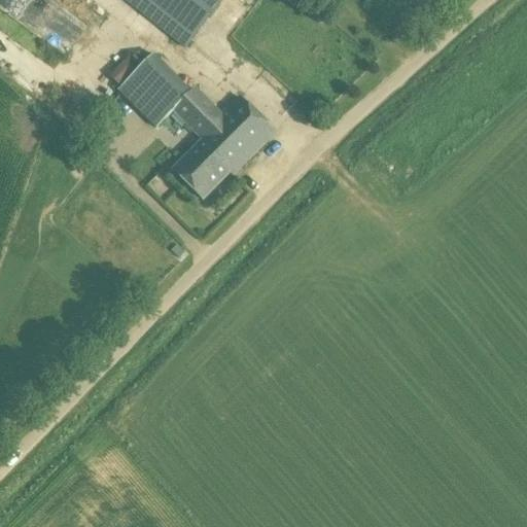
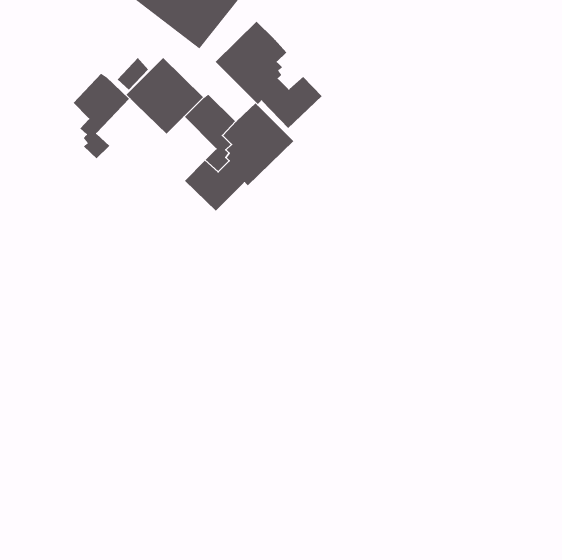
building: none -> [215,21,322,129]
building: none -> [73,73,130,159]

